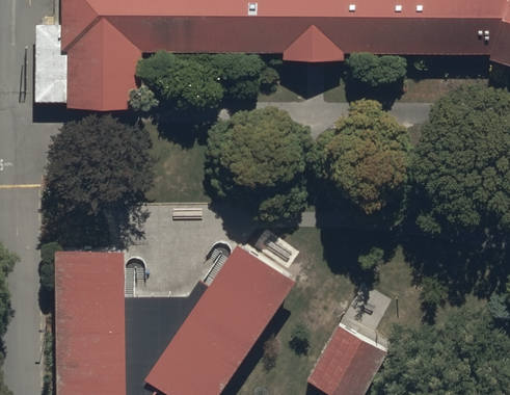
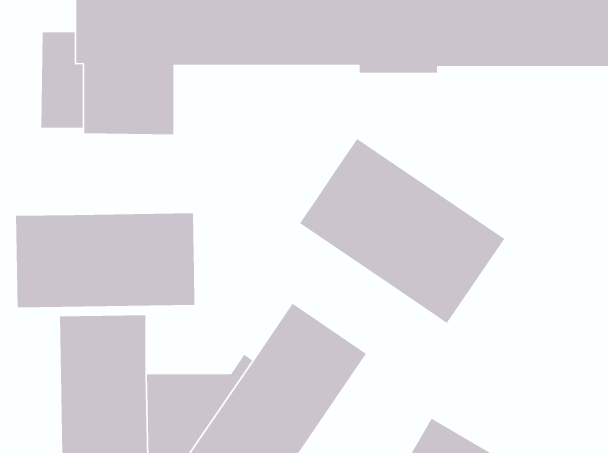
building: none -> [299,138,505,324]
building: none -> [16,213,195,308]

